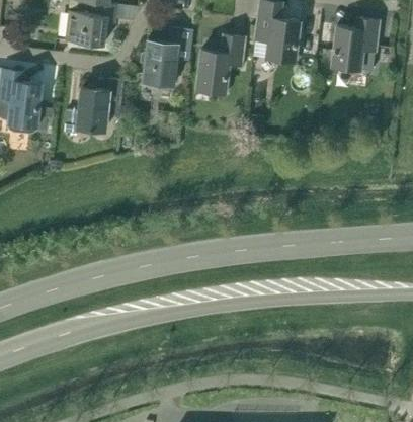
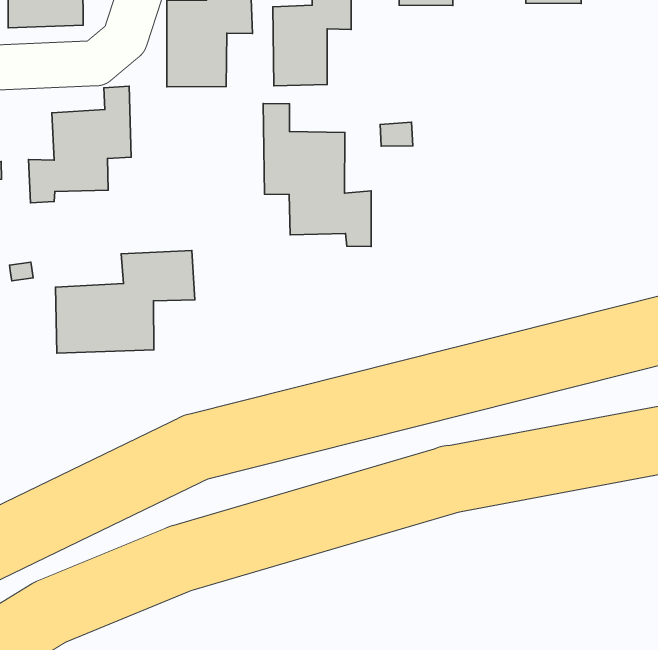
building: none -> [263,103,371,246]
building: none -> [55,251,195,353]

